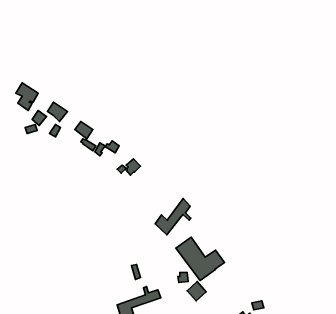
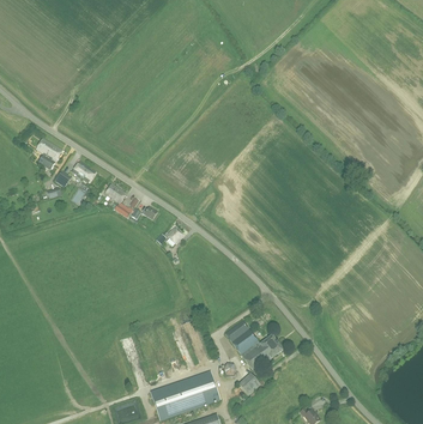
building: [155,199,191,235] -> none

